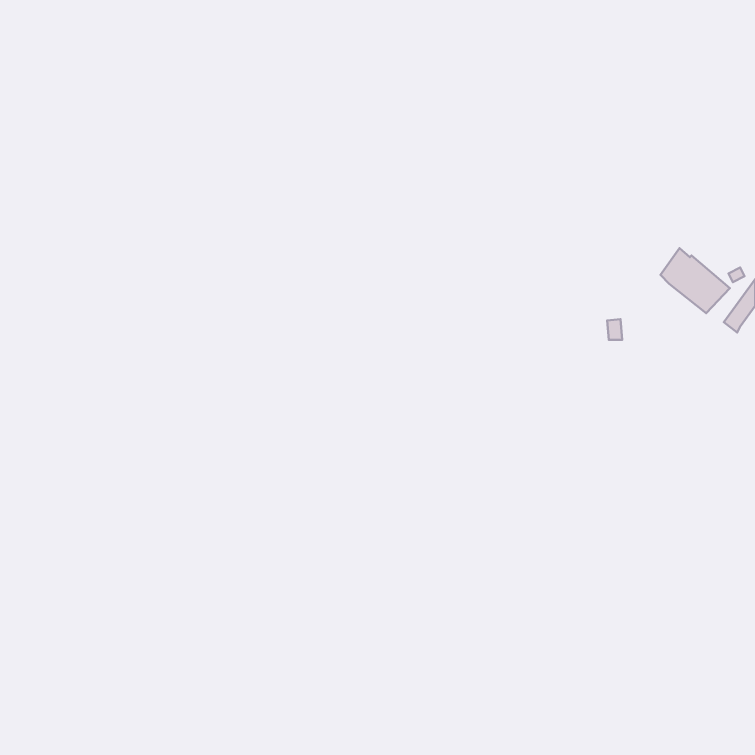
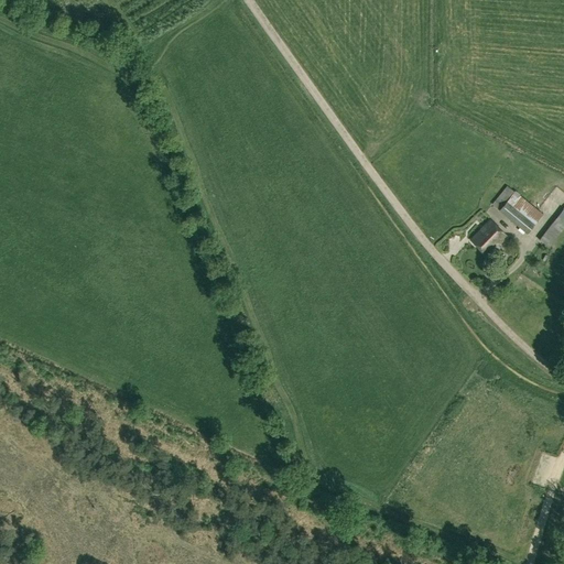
building: none -> [470,220,508,259]

